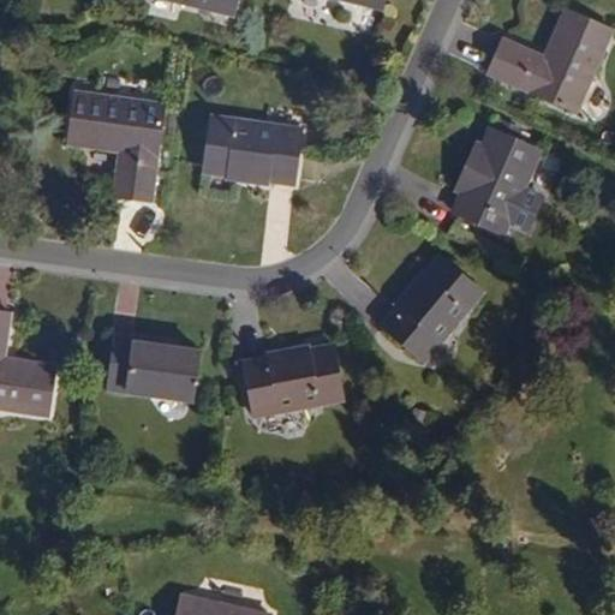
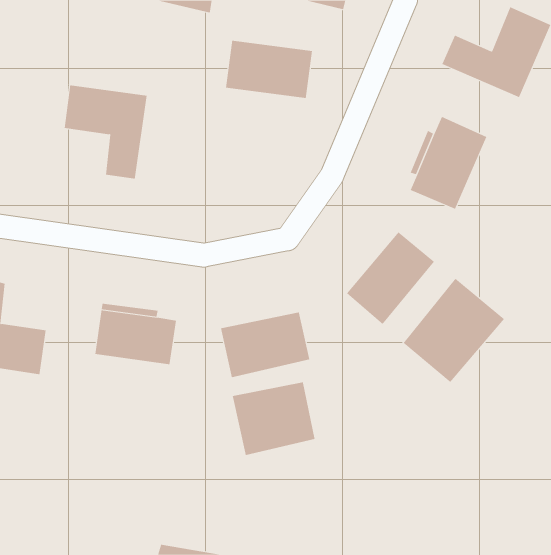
building: [207,117,304,181] -> [225,40,313,99]
building: none -> [403,278,505,383]
building: none -> [232,382,315,456]

